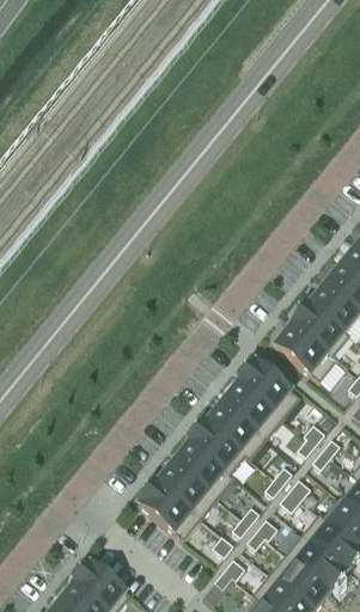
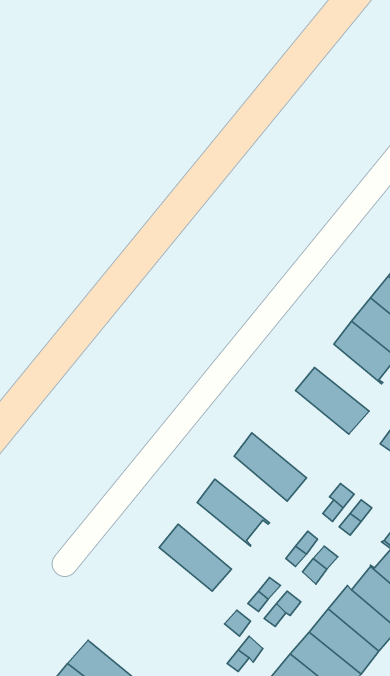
building: [289,302,348,361] -> none
building: [234,360,300,420] -> none
building: [202,400,266,459] -> none
building: [170,441,233,500] -> none
building: [136,481,200,540] -> none

